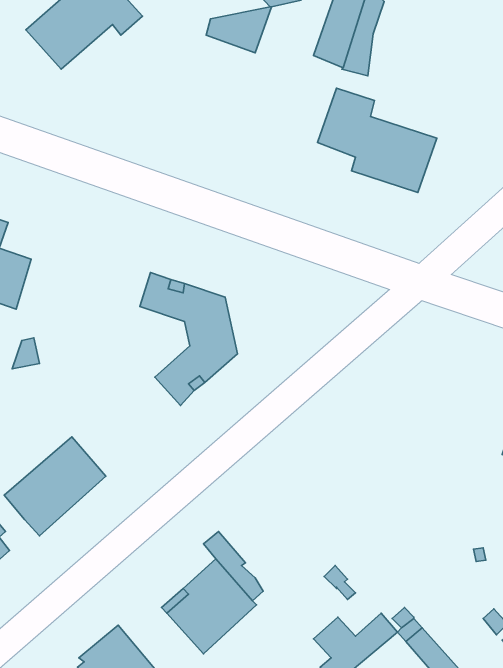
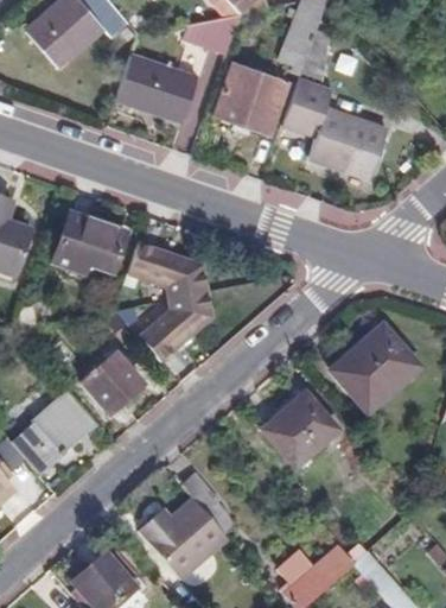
building: none -> [119,55,197,119]
building: none -> [216,62,291,132]
building: none -> [50,211,126,272]
building: none -> [332,323,421,410]
building: none -> [82,352,144,413]
building: none -> [265,392,337,463]

